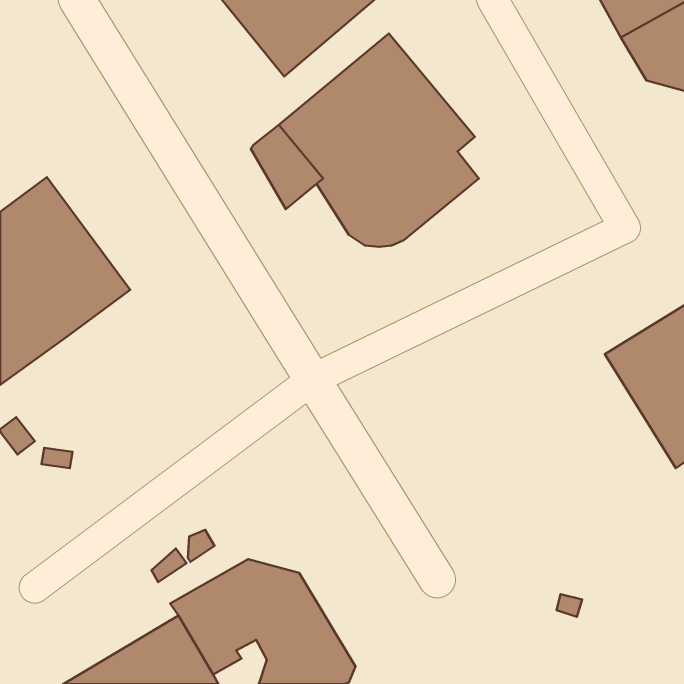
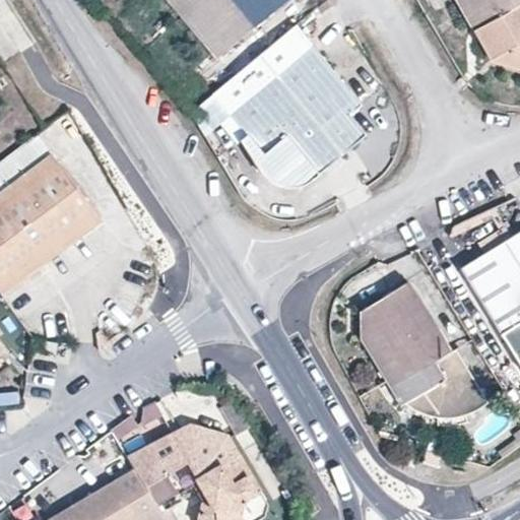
building: none -> [358,279,485,418]

